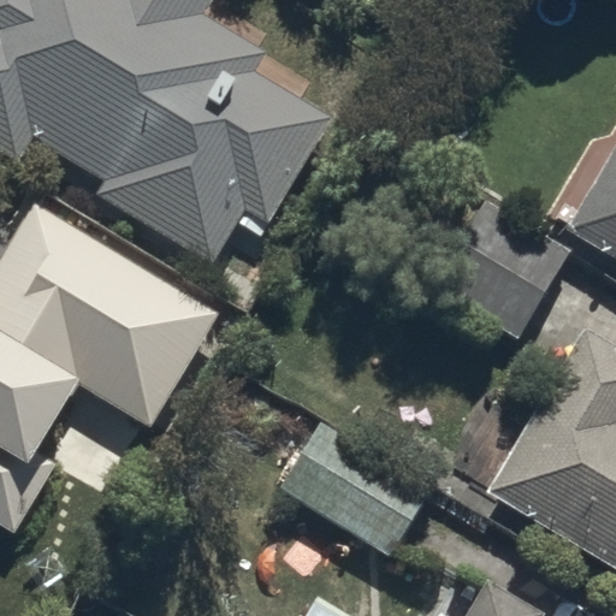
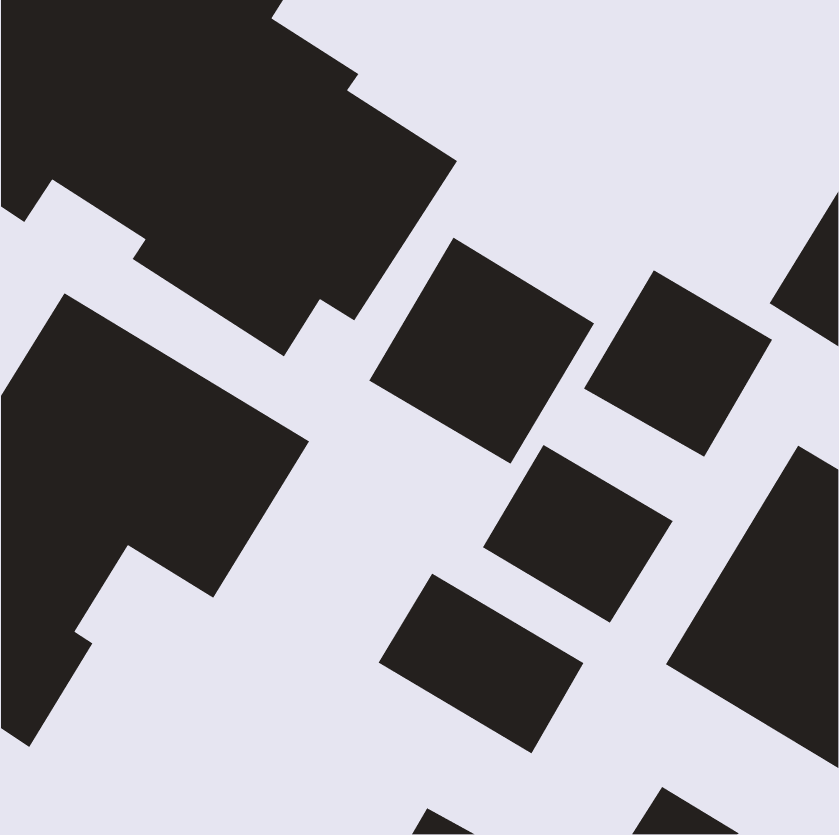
building: none -> [368,236,595,465]
building: none -> [482,444,674,624]

